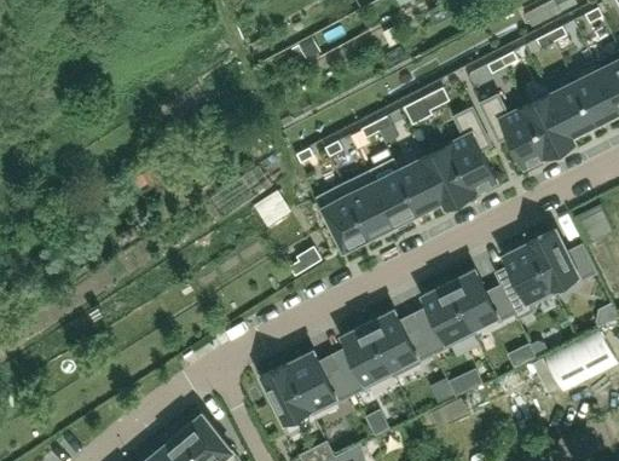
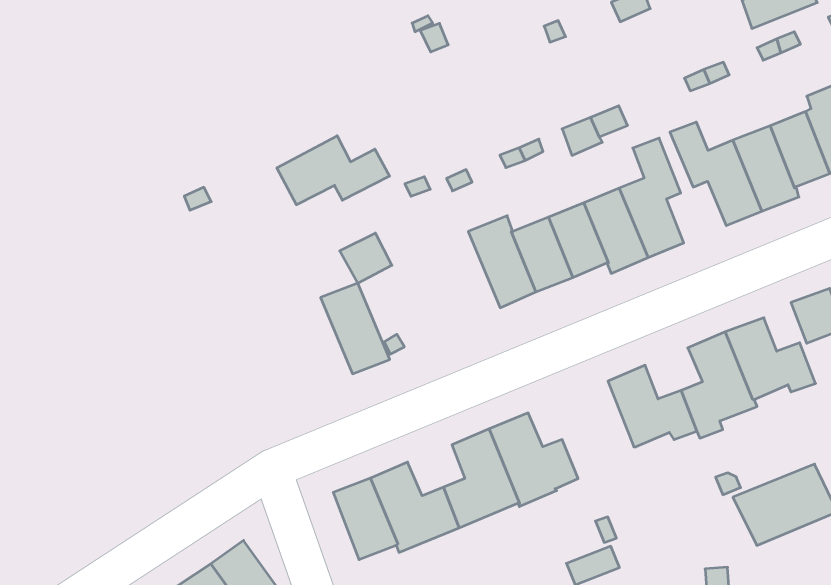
building: none -> [277,136,390,205]
building: [317,185,369,249] -> [321,283,390,374]
building: [420,283,474,353] -> none

